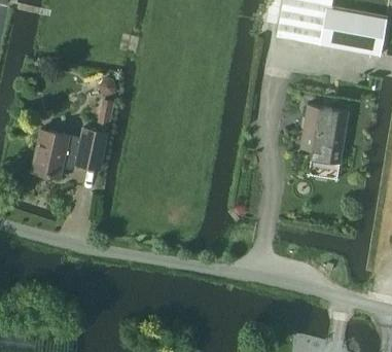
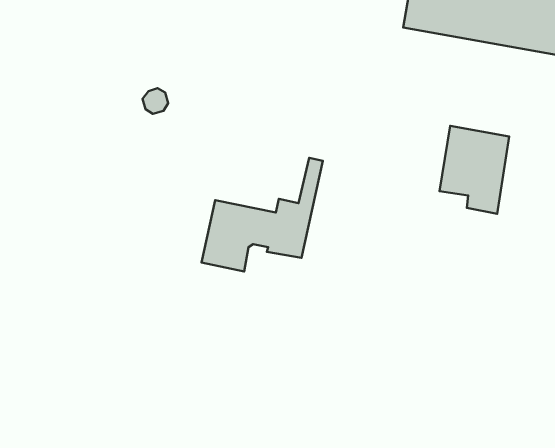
building: [32,101,114,178] -> [202,158,323,271]

